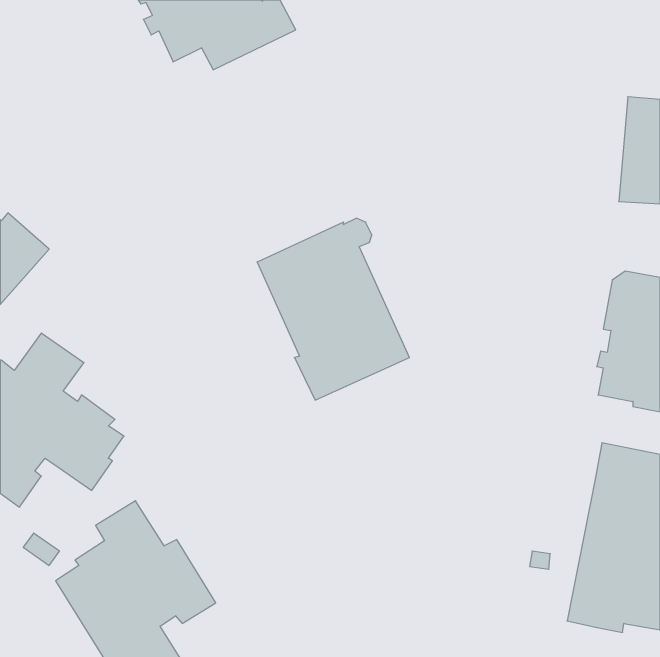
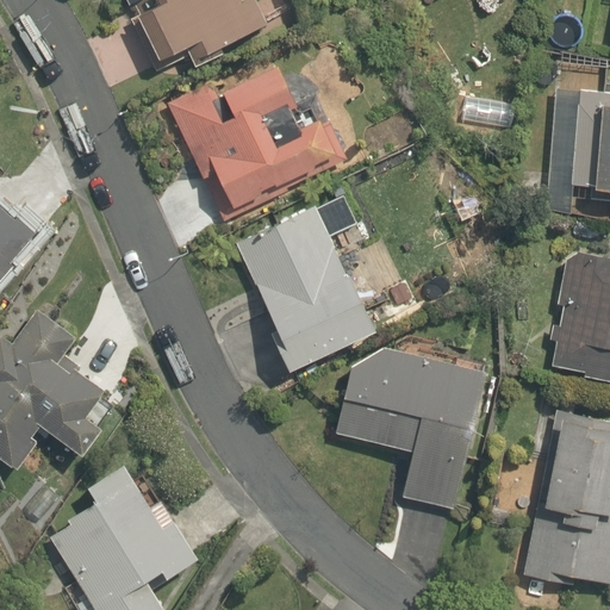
building: none -> [168,66,349,223]
building: none -> [337,349,485,509]

